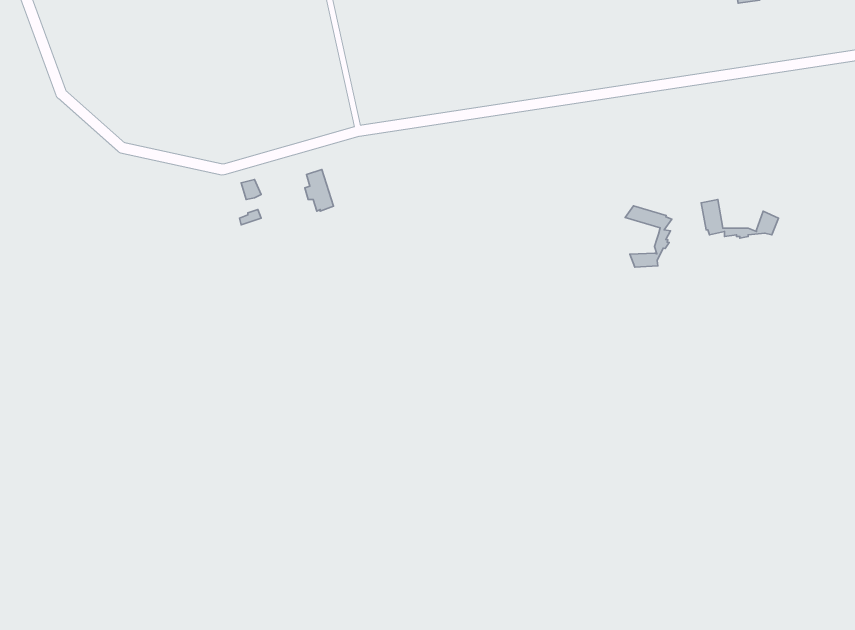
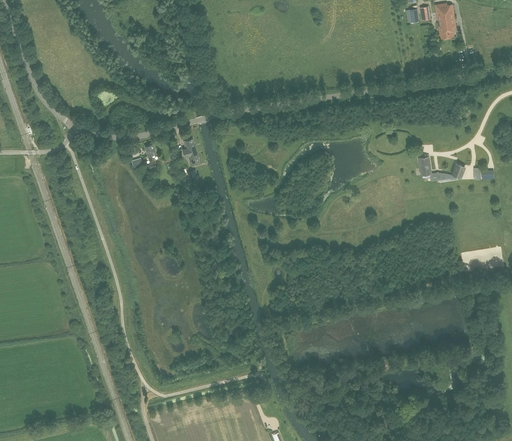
building: [625,206,672,267] -> none

